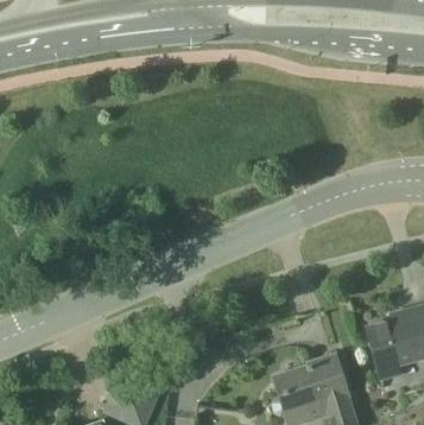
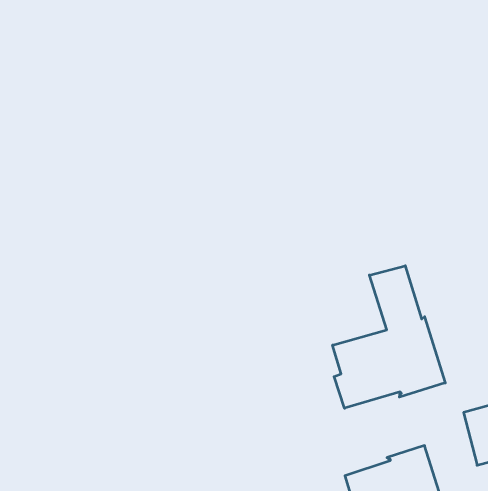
building: none -> [333,266,445,408]

